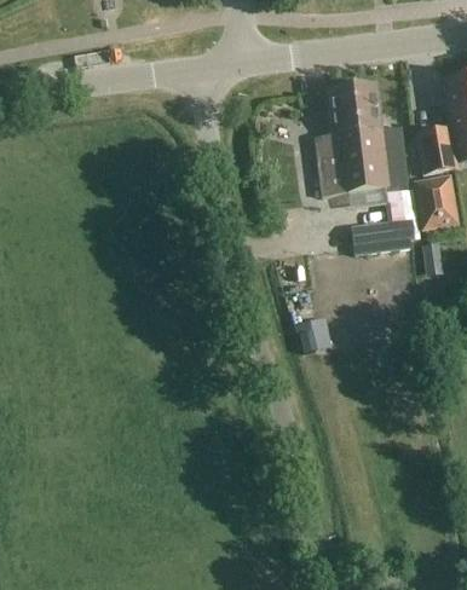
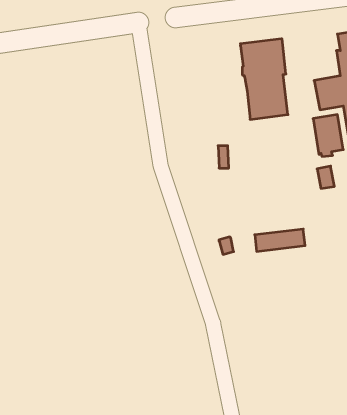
building: [318,125,409,195] -> none
building: [352,218,415,245] -> [255,229,305,251]

